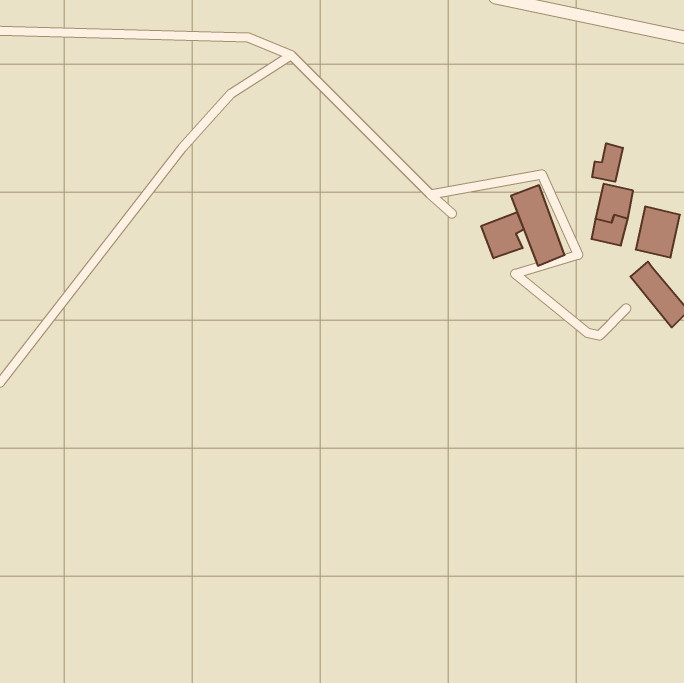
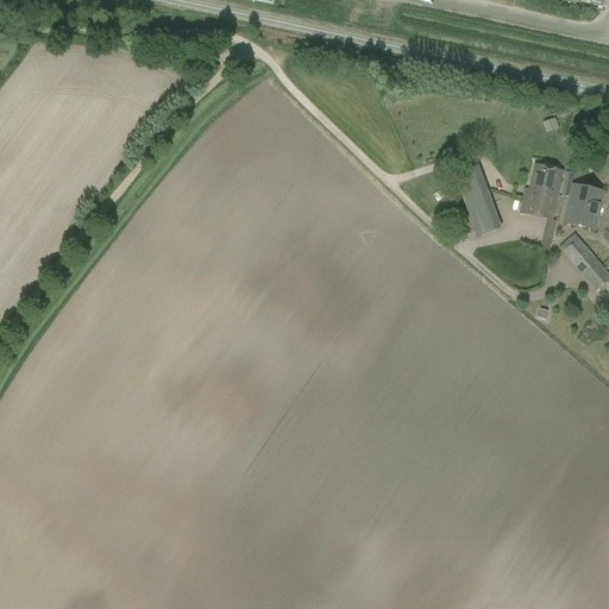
building: [592,143,623,182] -> none
building: [481,212,524,258] -> none

